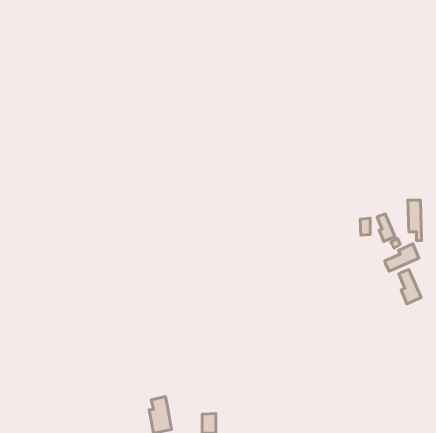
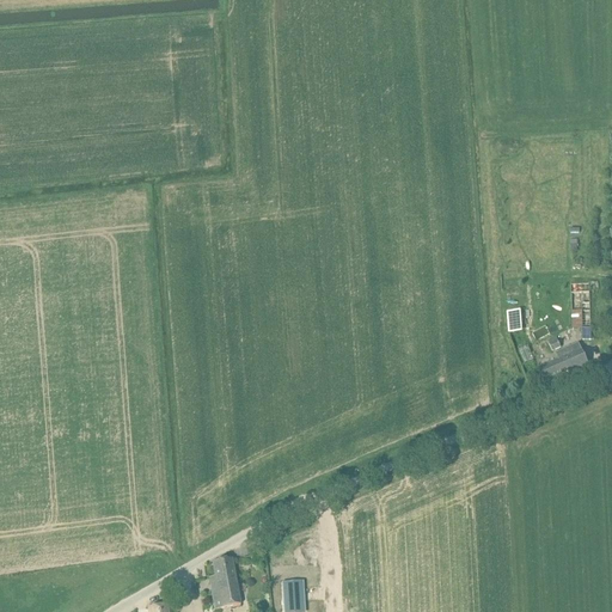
building: [377,214,395,242] -> none
building: [399,269,421,304] -> none

